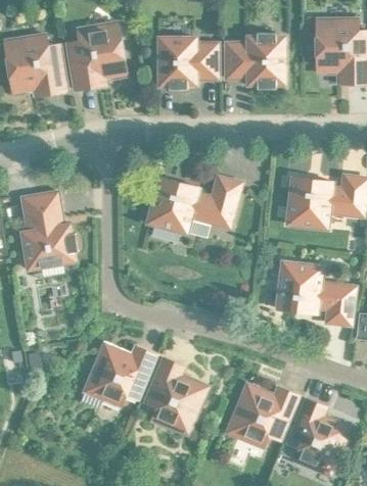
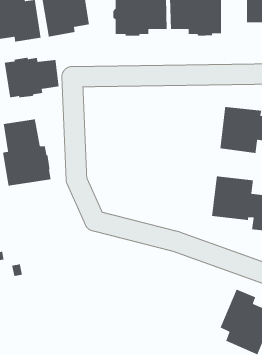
building: none -> [4,57,60,98]
building: [144,173,245,236] -> none
building: [82,340,158,408] -> none
building: [143,355,211,437] -> none
building: [224,382,301,449] -> none

